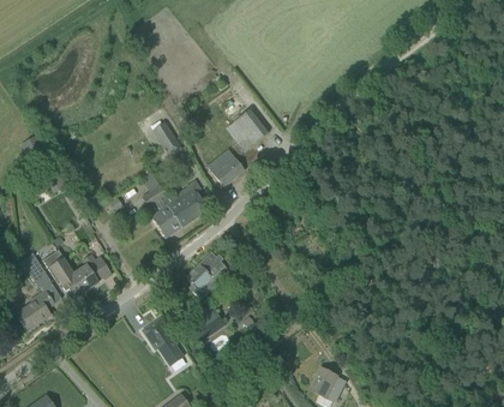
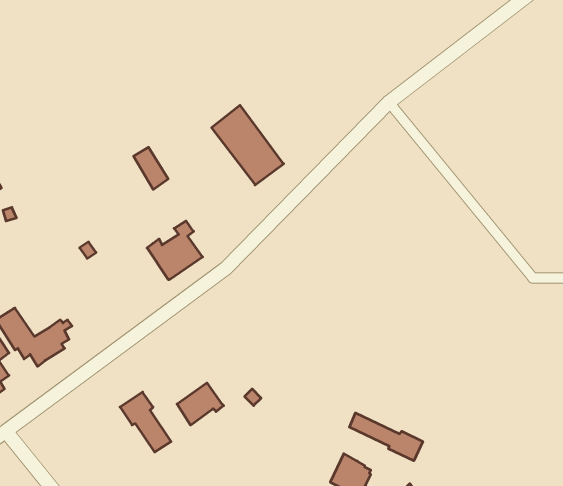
building: [208,149,245,186] -> none
building: [142,185,181,237] -> none
building: [186,251,224,300] -> none
building: none -> [349,413,423,461]

